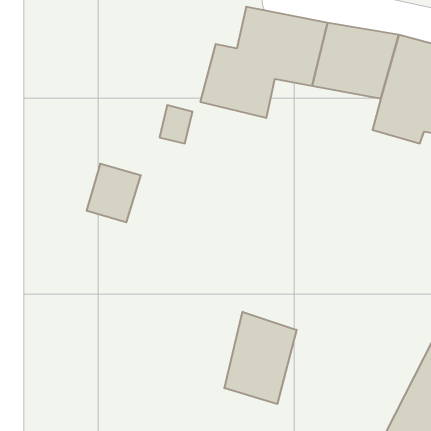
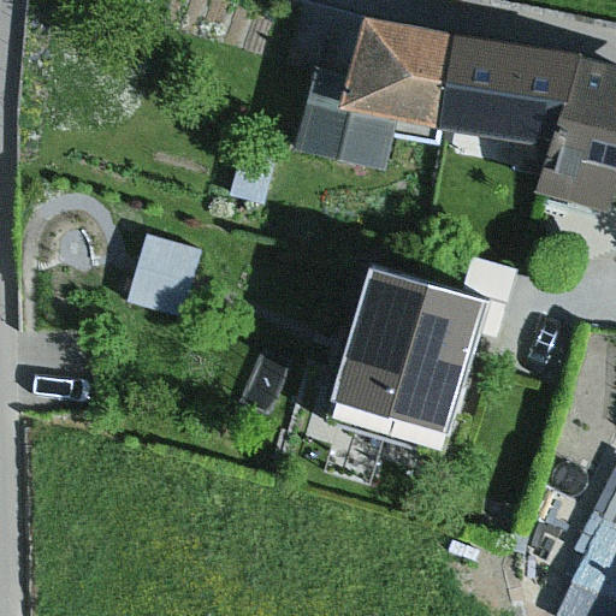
building: none -> [327,268,486,454]
building: [224,312,297,404] -> none

